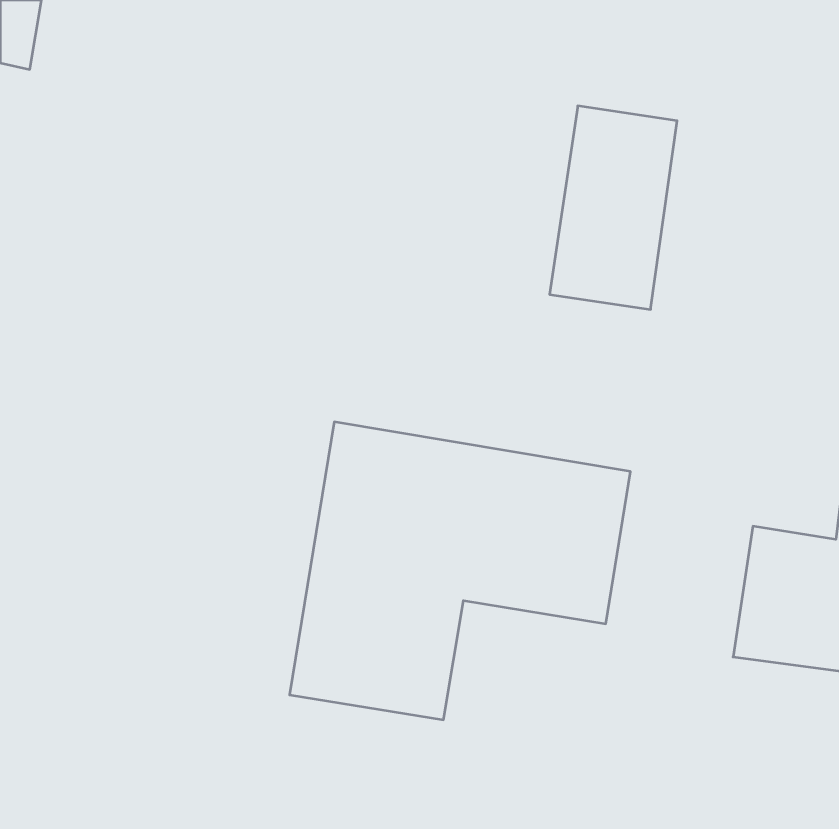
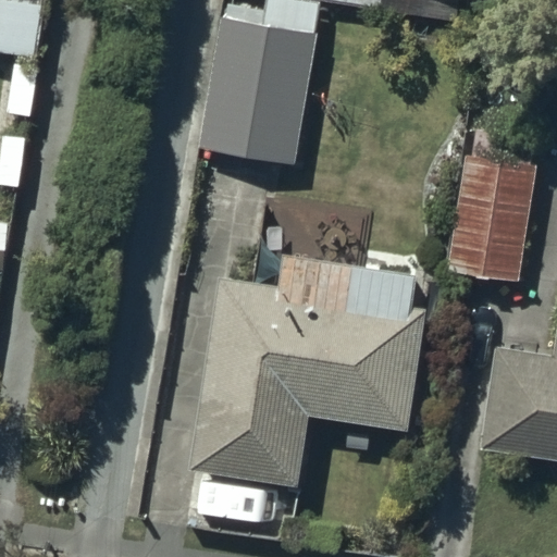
building: none -> [207,26,312,163]
building: [550,106,677,309] -> [450,147,534,281]

